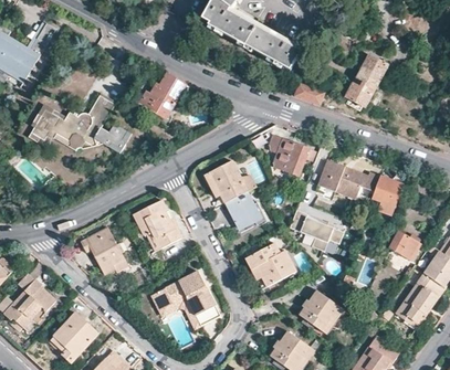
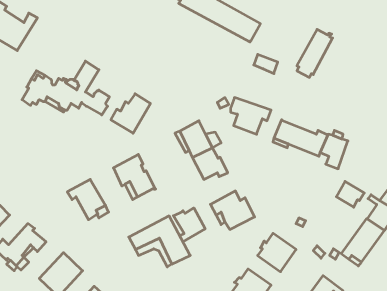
building: [142,73,187,118] -> [111,94,150,133]
building: [290,209,344,251] -> none
building: none -> [173,208,205,242]

